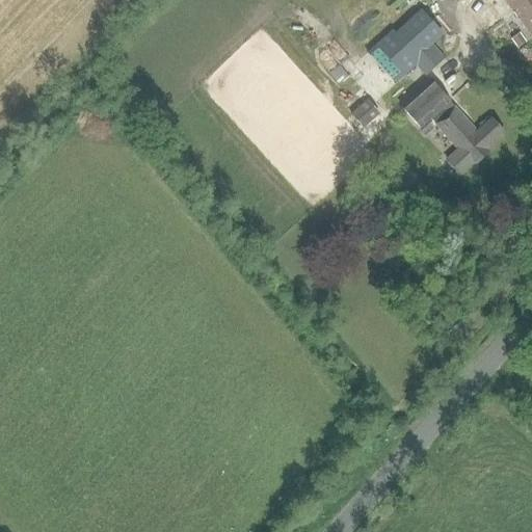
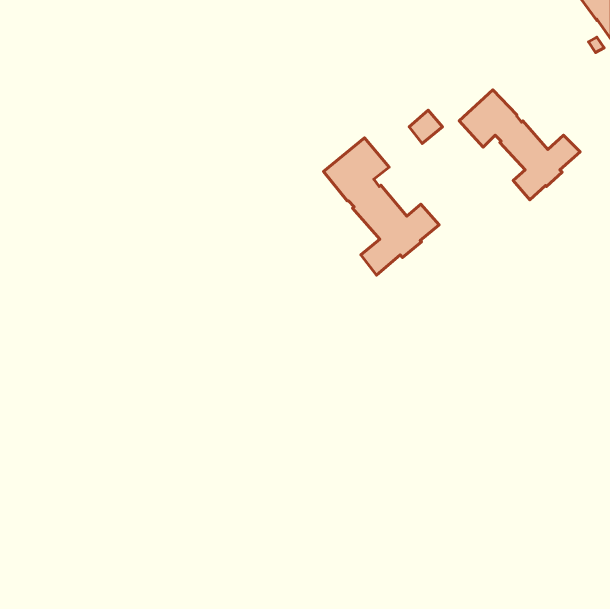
building: [378,14,444,74] -> none
building: none -> [324,138,439,275]

